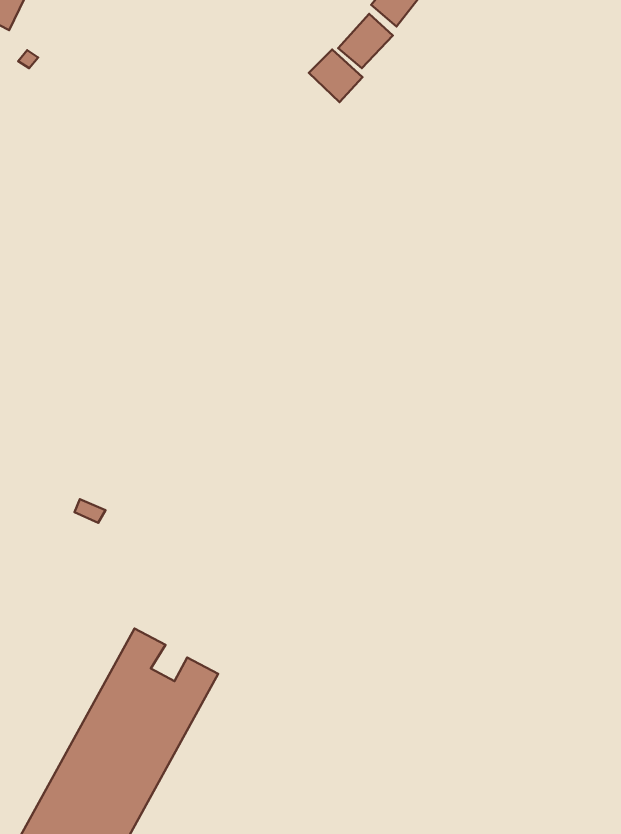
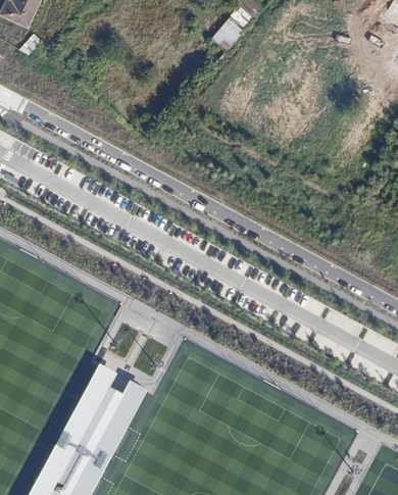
building: [309,50,363,102] -> none

